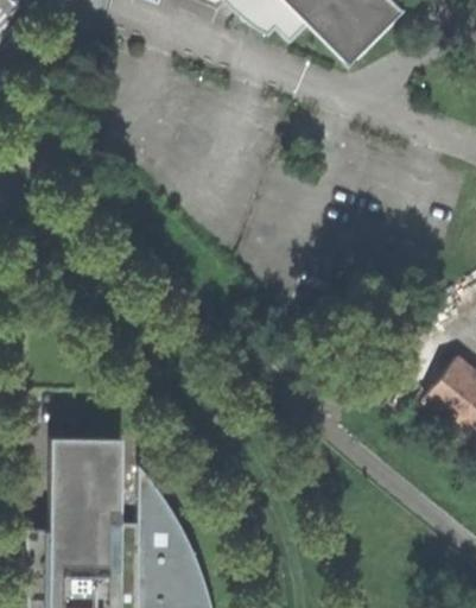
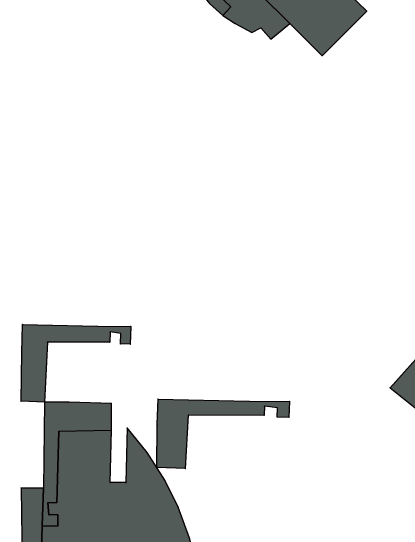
building: none -> [21,324,131,402]
building: none -> [157,399,290,469]

